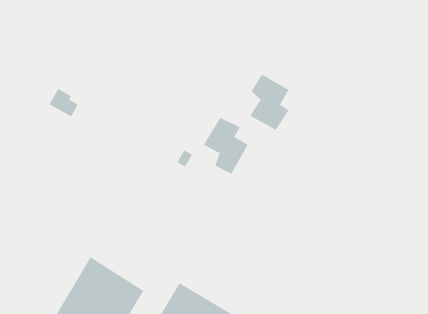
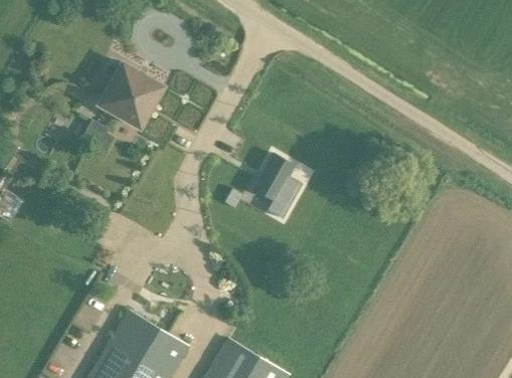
building: none -> [98,63,163,129]
building: [249,74,290,130] -> none

